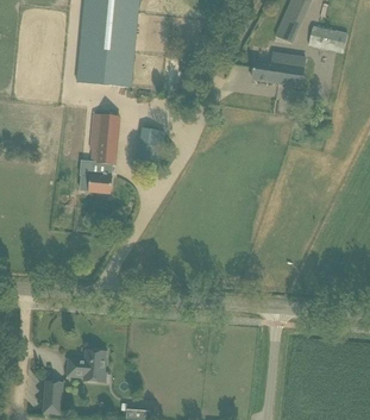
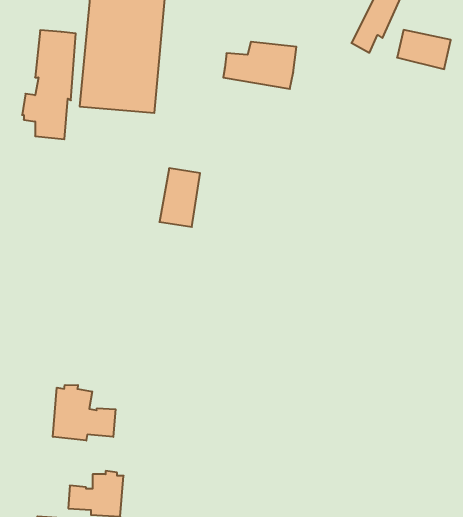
building: [251,54,305,88] -> [223,42,296,89]
building: [79,114,118,194] -> [22,30,76,139]
building: none -> [53,385,116,441]

